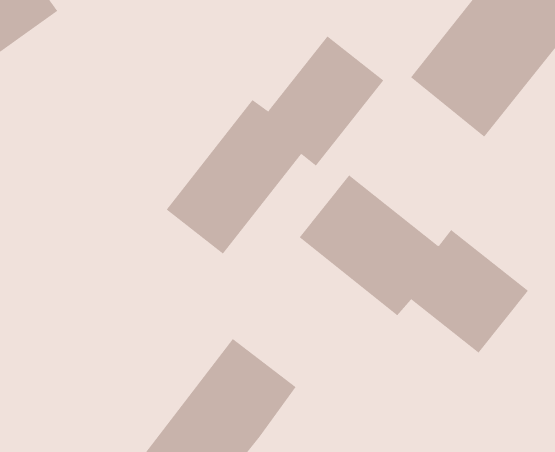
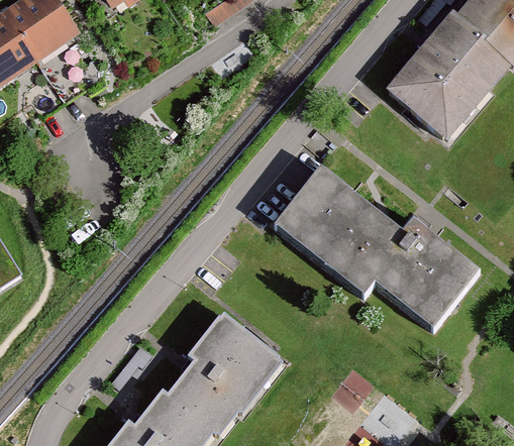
building: [166,36,384,254] -> none

